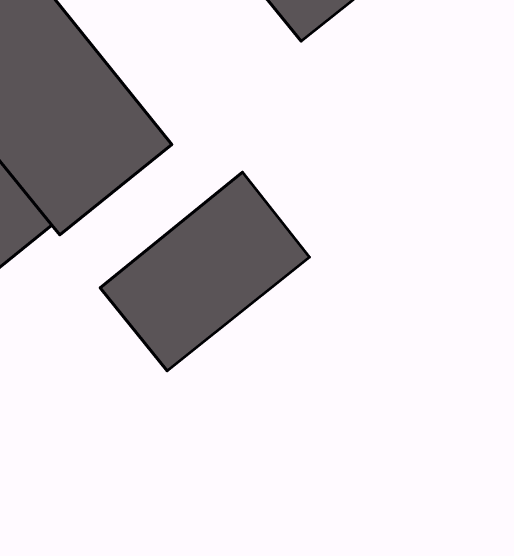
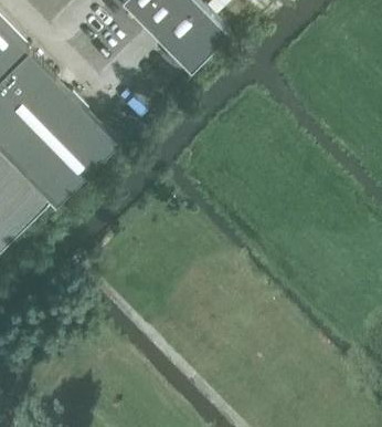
building: [100,172,310,371] -> none

